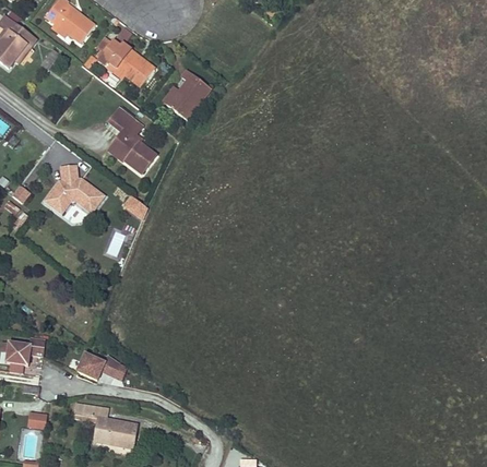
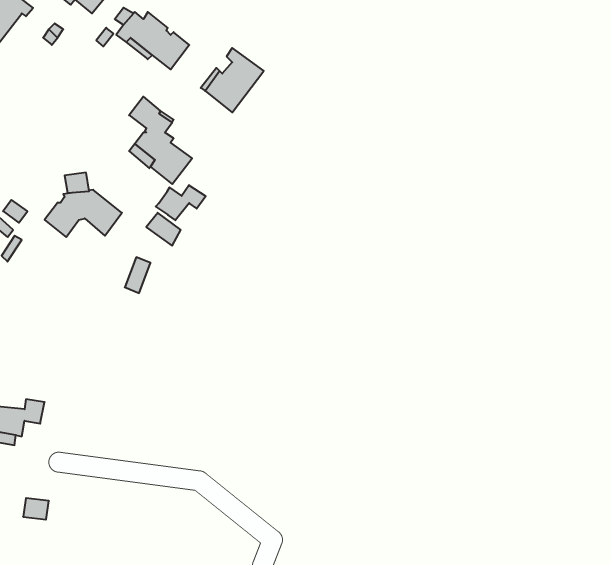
building: none -> [156,185,206,220]
building: [75,354,118,380] -> none
building: [72,403,135,446] -> none

